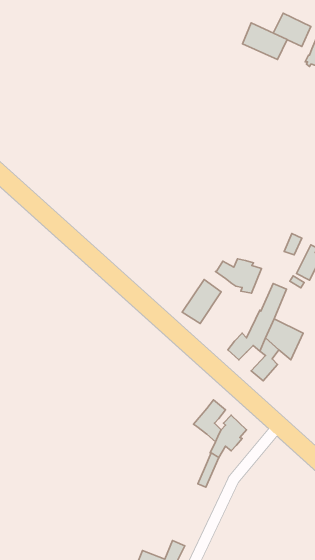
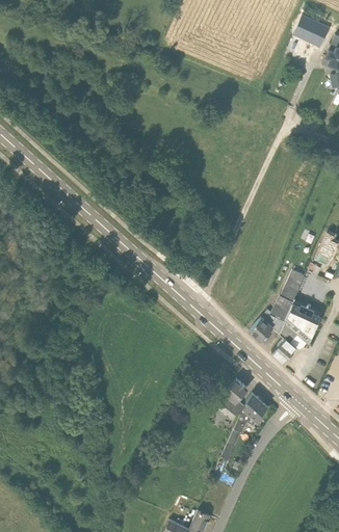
building: [242,23,287,60] -> none
building: [216,259,262,293] -> none
building: [182,280,221,323] -> none

